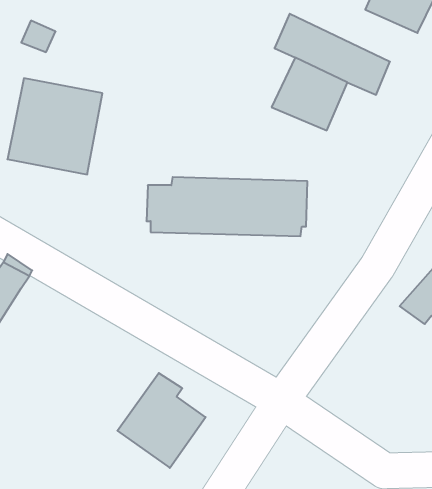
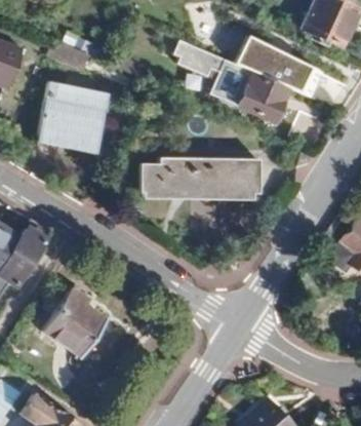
building: none -> [175,41,251,104]
building: [117,373,206,468] -> [42,285,108,356]

